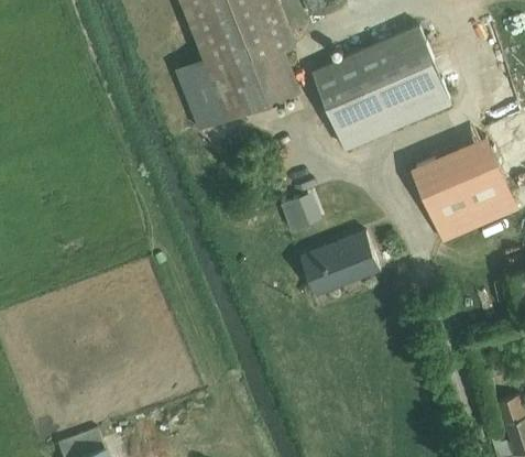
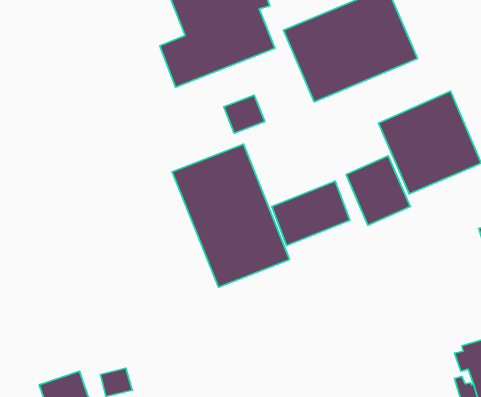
building: none -> [172,144,290,287]
building: [280,192,322,231] -> [224,95,265,133]
building: none -> [346,156,410,225]

